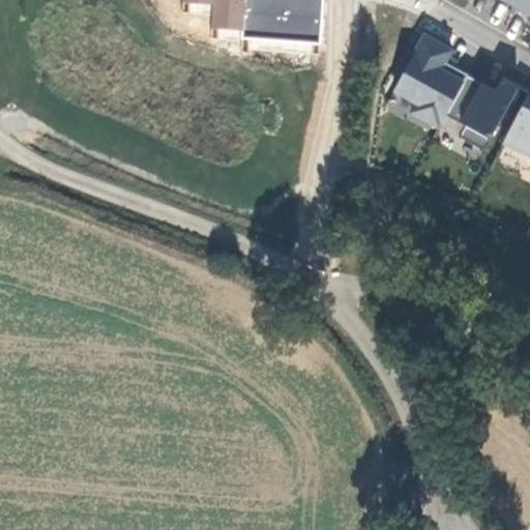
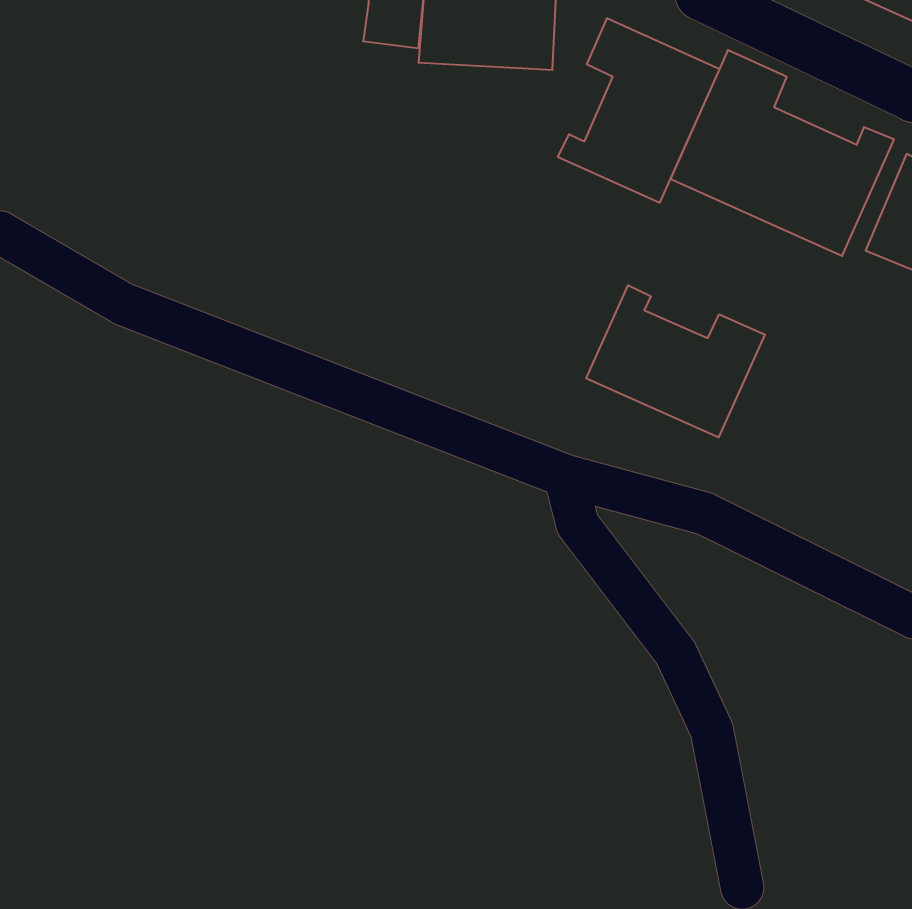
building: none -> [558,18,720,203]
building: none -> [586,285,765,438]

